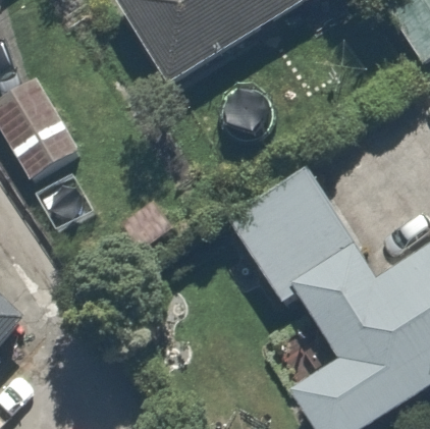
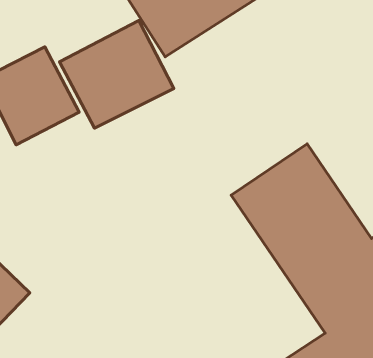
building: none -> [60,20,174,128]

